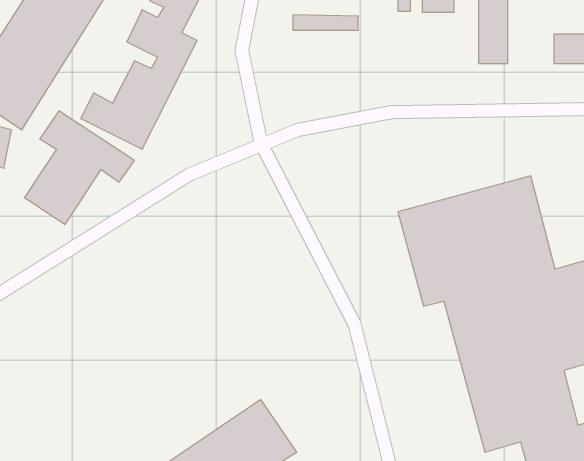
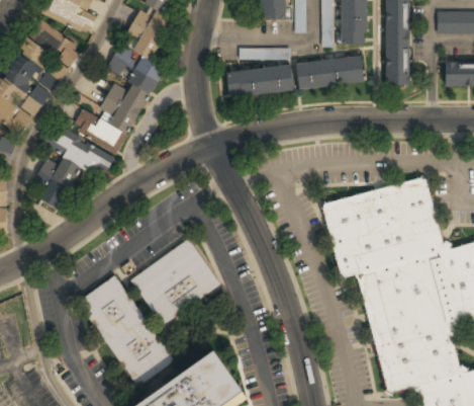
building: none -> [296,56,365,88]
building: none -> [226,66,293,97]
building: none -> [130,239,220,326]
building: none -> [79,274,172,389]

